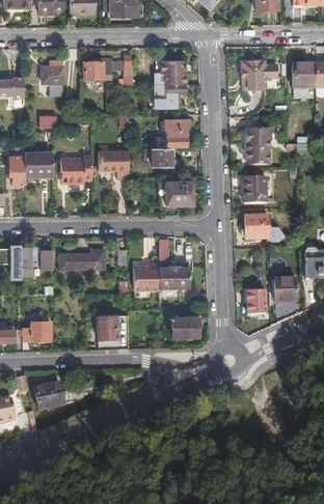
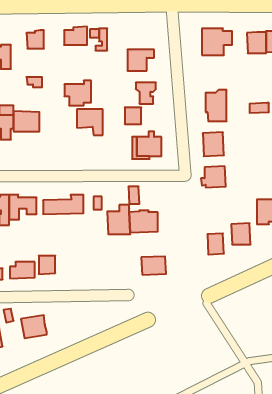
building: [160,60,187,83] -> none
building: [61,153,91,181] -> [64,81,91,105]
building: [98,317,116,338] -> [39,256,55,274]

